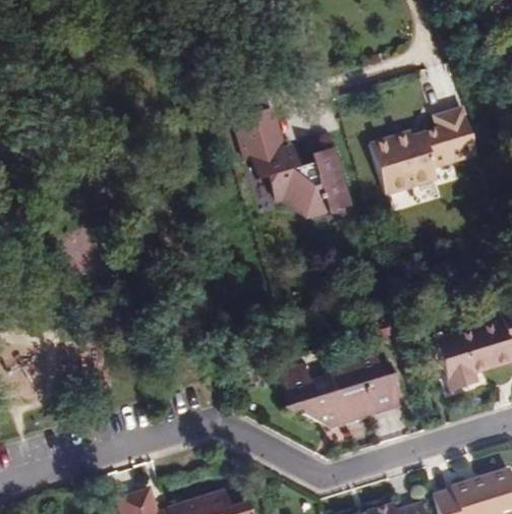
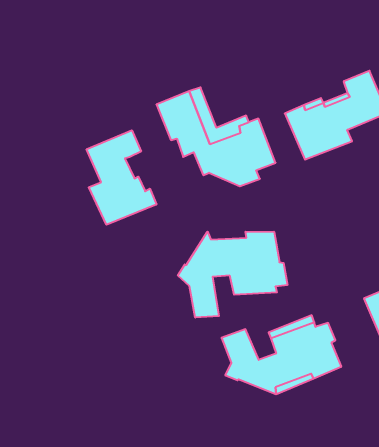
building: none -> [87,130,156,225]
building: none -> [178,232,287,318]

